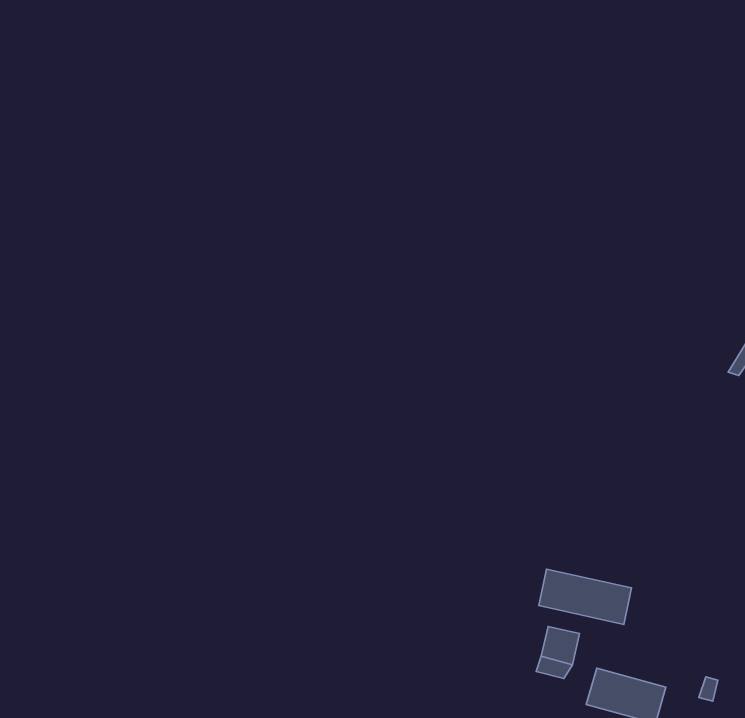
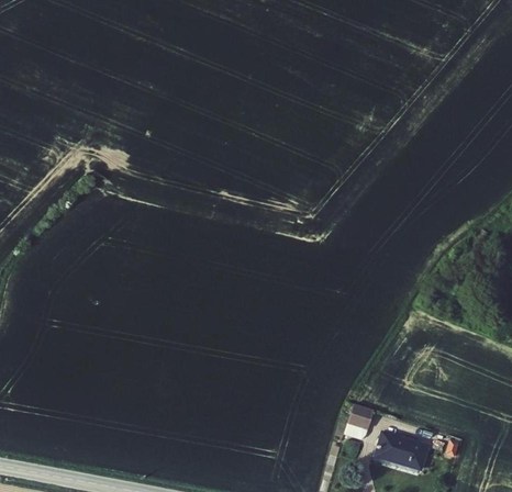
building: [539,569,631,624] -> none

